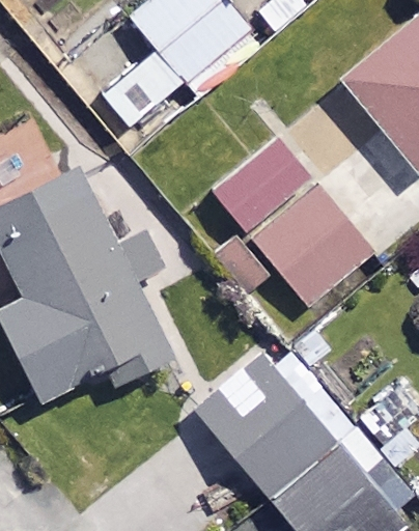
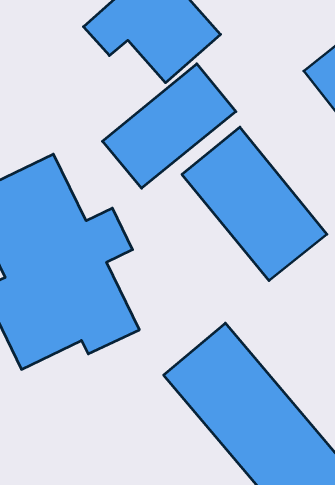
building: none -> [102,64,236,188]

